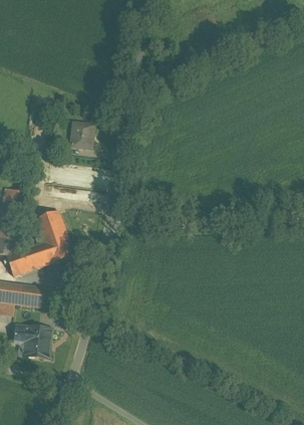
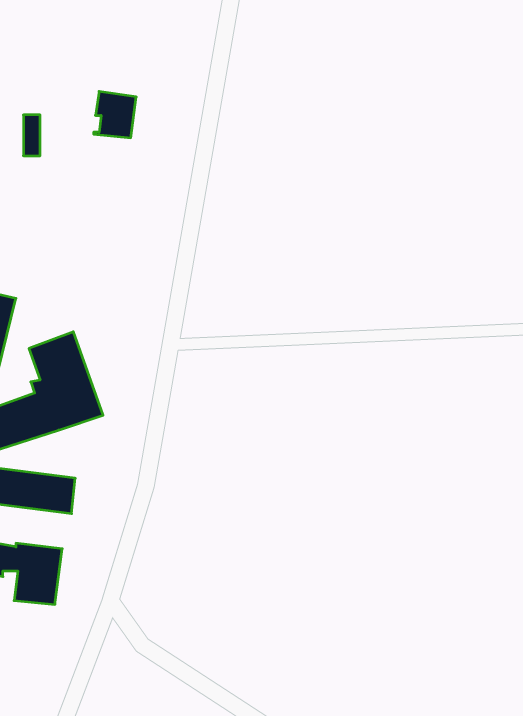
building: [70,123,93,148] -> [94,91,136,138]

